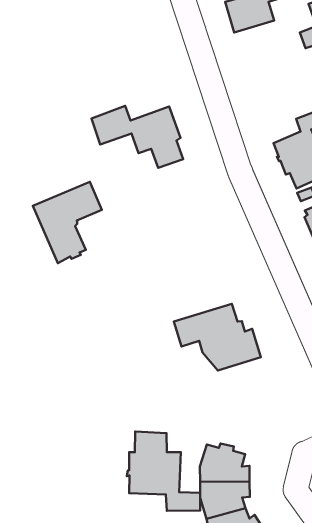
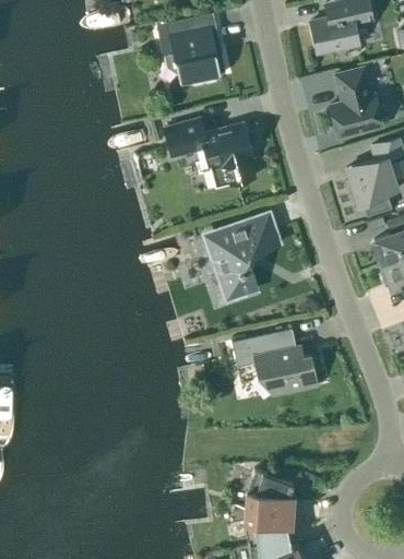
building: none -> [164,27,225,85]
building: none -> [330,69,382,138]
building: [33,182,102,263] -> [207,217,277,297]
building: [127,431,200,511] -> none

